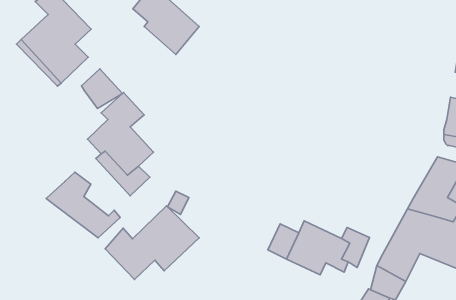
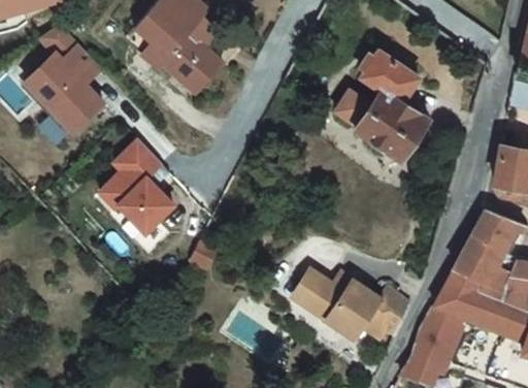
building: none -> [333,53,428,161]
building: [82,69,123,108] -> none
building: [46,172,120,238] -> none
building: [105,206,199,280] -> none

